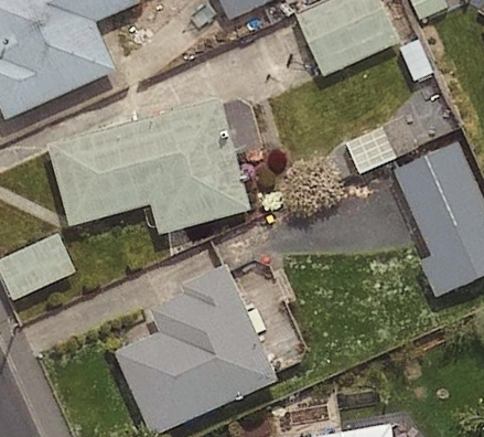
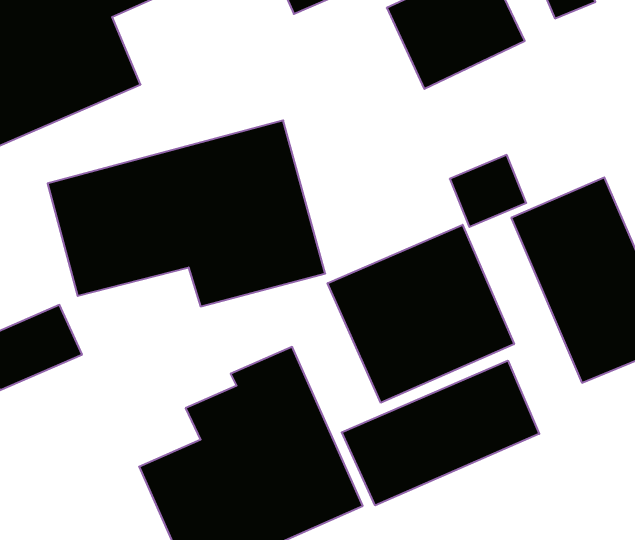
building: none -> [328,225,514,403]
building: none -> [342,361,539,505]

